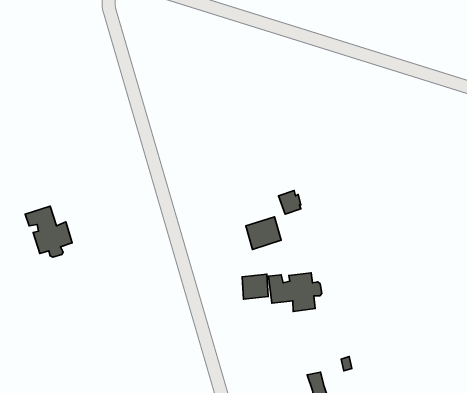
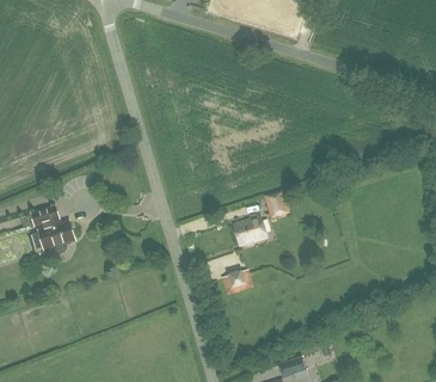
building: [269,273,322,311] -> none

